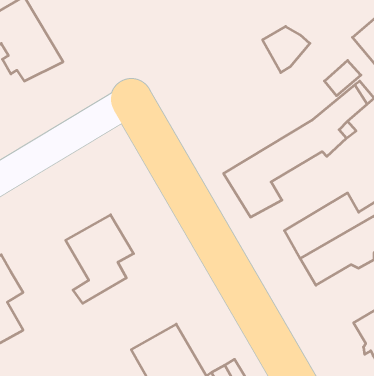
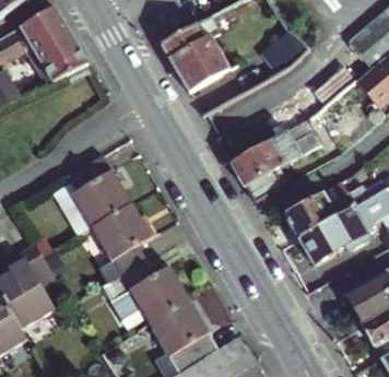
building: none -> [164,17,245,96]
building: none -> [68,155,130,225]
building: none -> [99,259,189,323]

